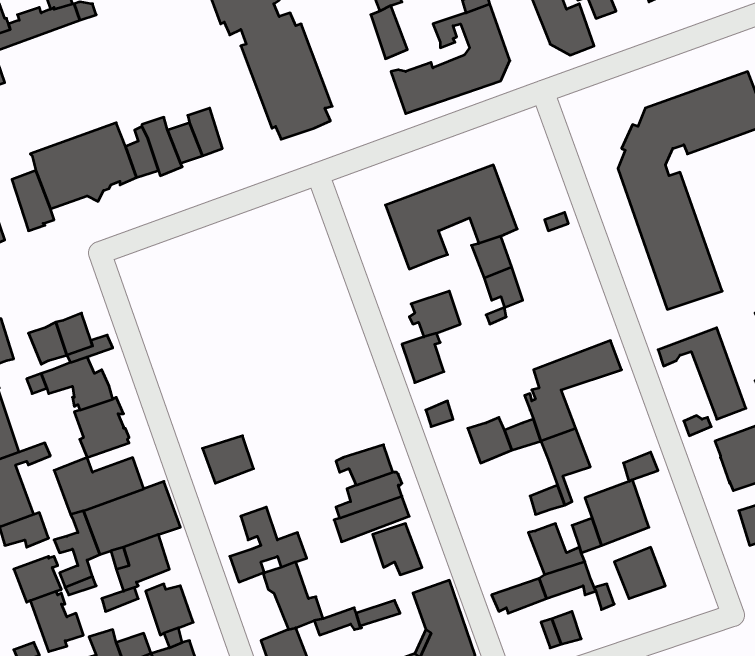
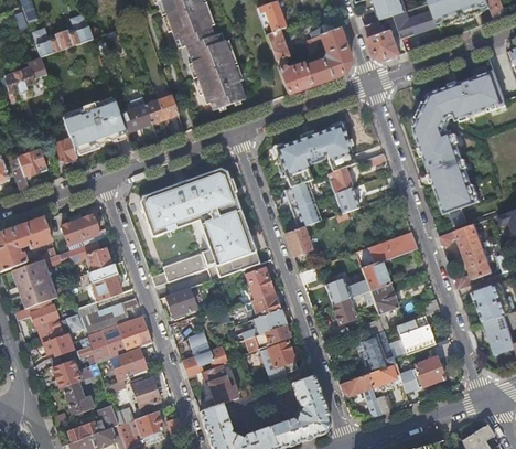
building: none -> [140,169,259,286]
building: none -> [283,181,314,209]
building: none -> [246,268,275,301]
building: none -> [333,291,374,324]

